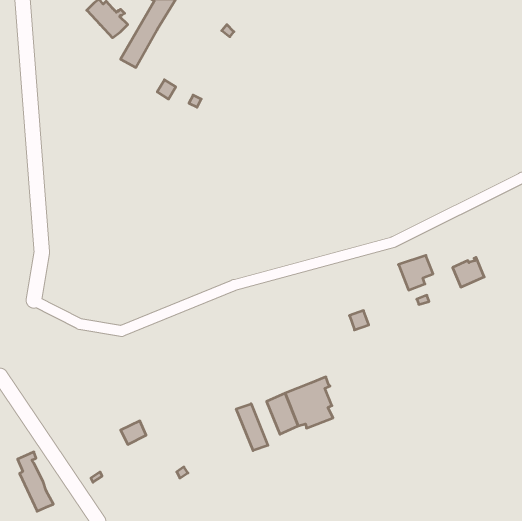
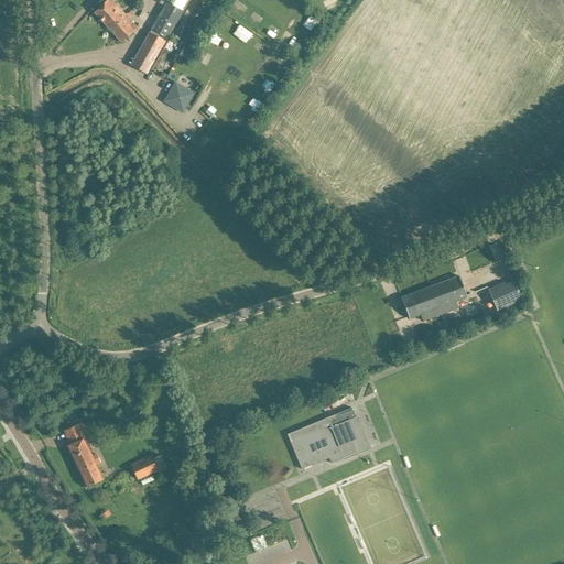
building: none -> [401,285,441,319]
building: [236,404,268,451] -> none
building: [18,452,53,511] -> [65,422,104,486]

